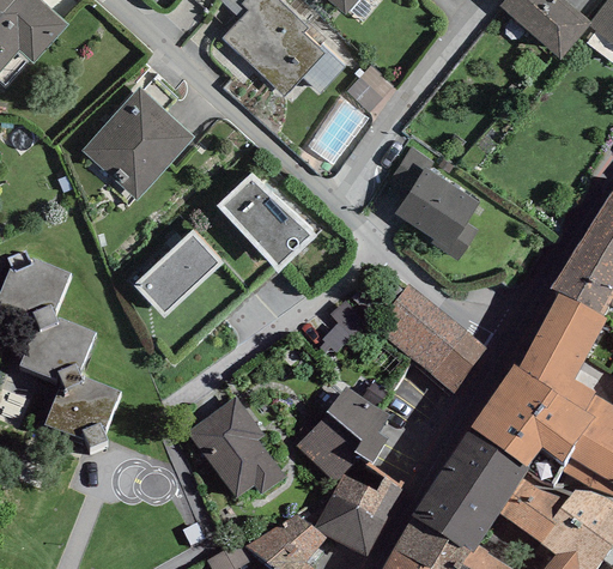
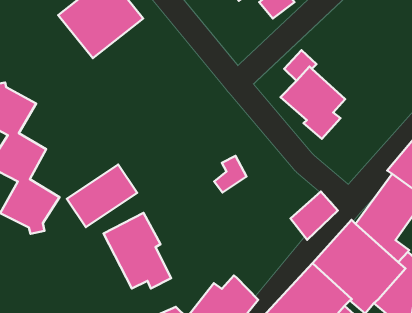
building: [216,169,316,272] -> none
building: [132,228,224,317] -> [67,165,137,227]
building: [374,284,466,373] -> none
building: [295,386,388,483] -> none

